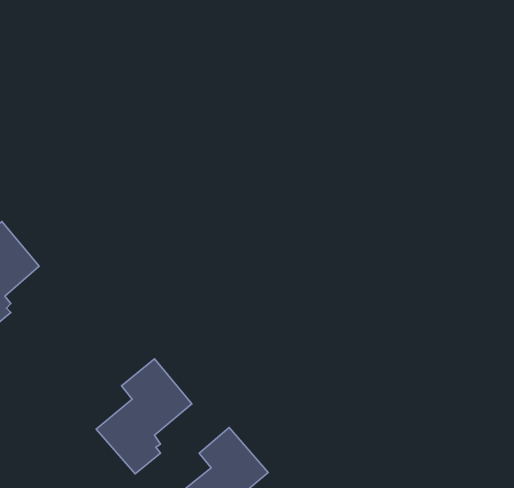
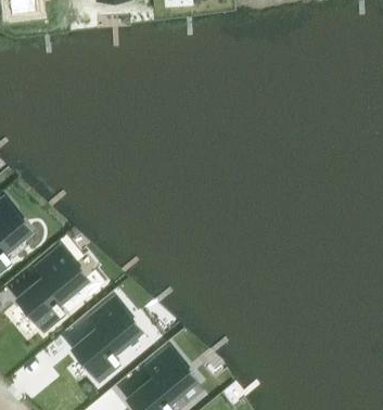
building: none -> [17,246,87,331]

